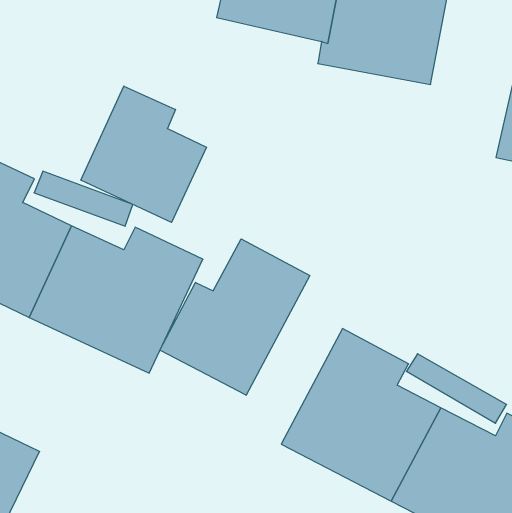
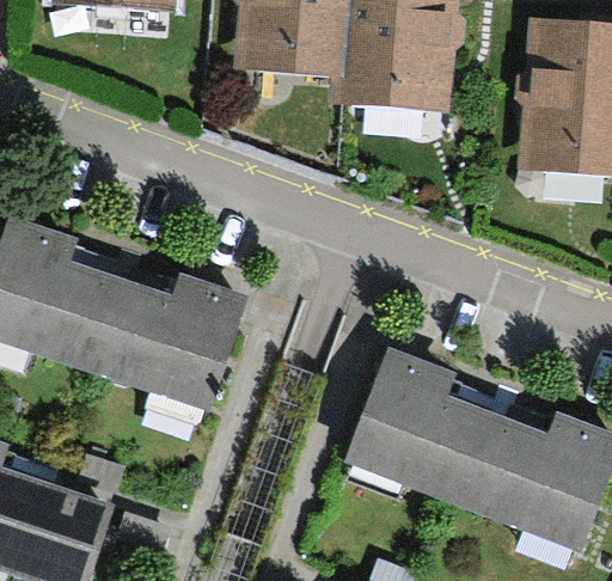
building: [81,86,207,222] -> none
building: [160,239,310,395] -> none

